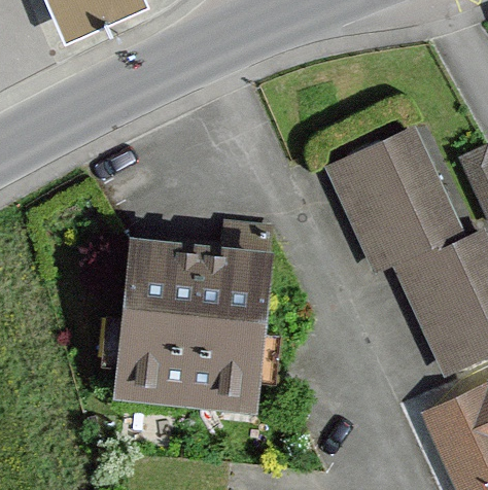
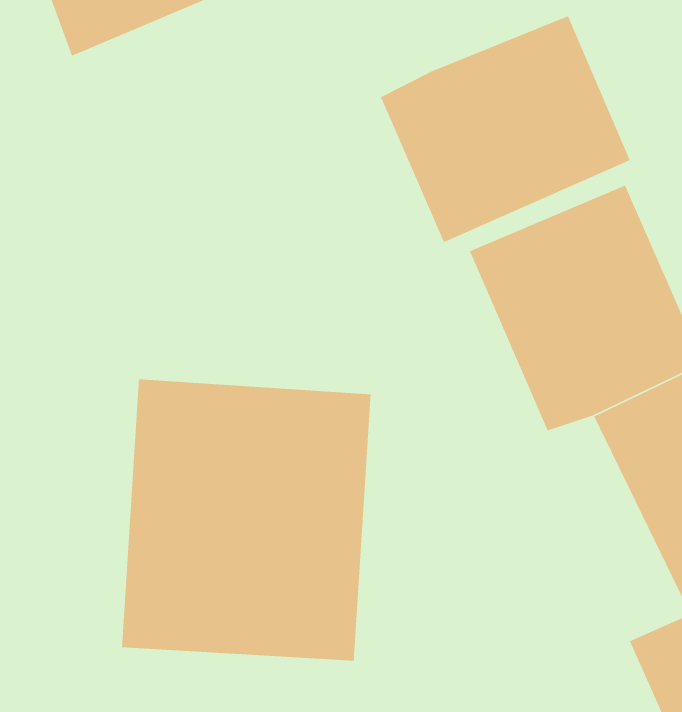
building: none -> [380,15,631,243]

